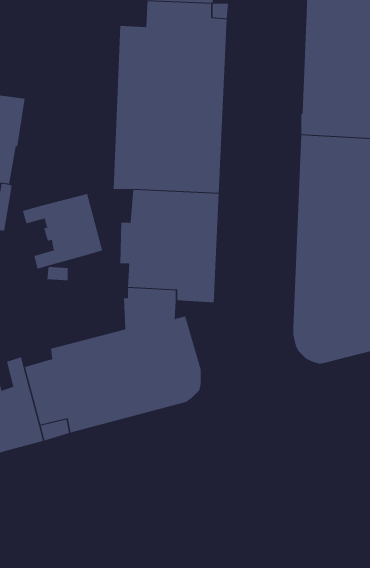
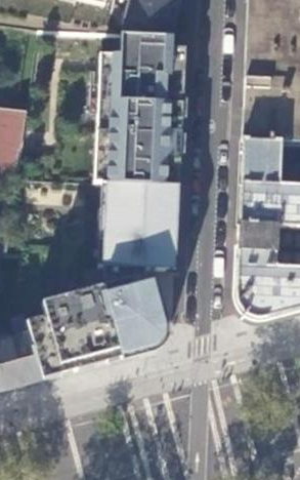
building: [22,193,103,270] -> none

